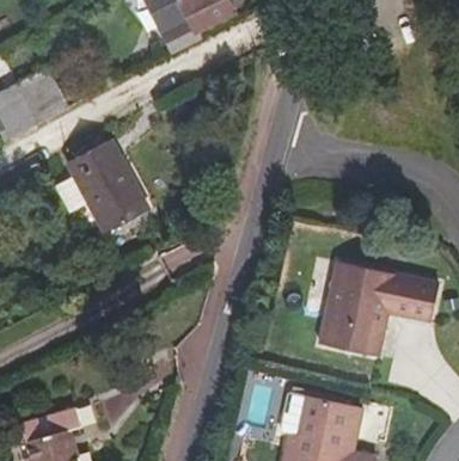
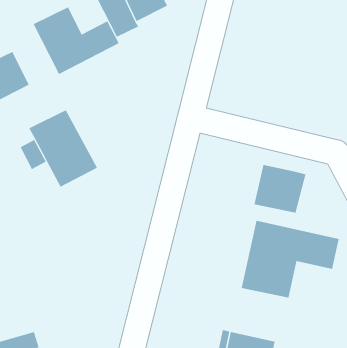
building: none -> [33,6,120,75]
building: none -> [254,164,306,214]

